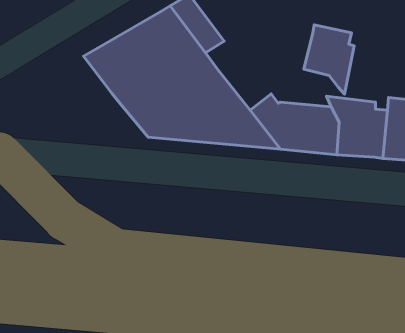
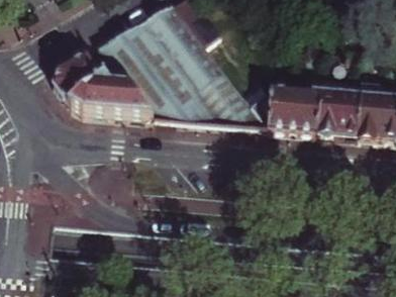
building: [304,25,354,94] -> none
building: none -> [47,53,148,122]

